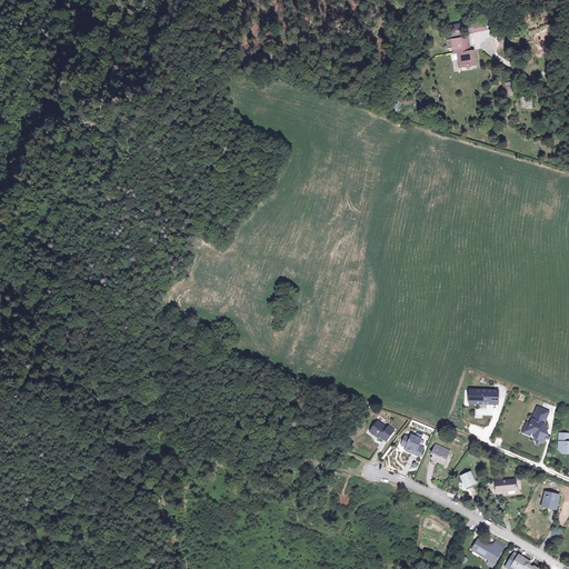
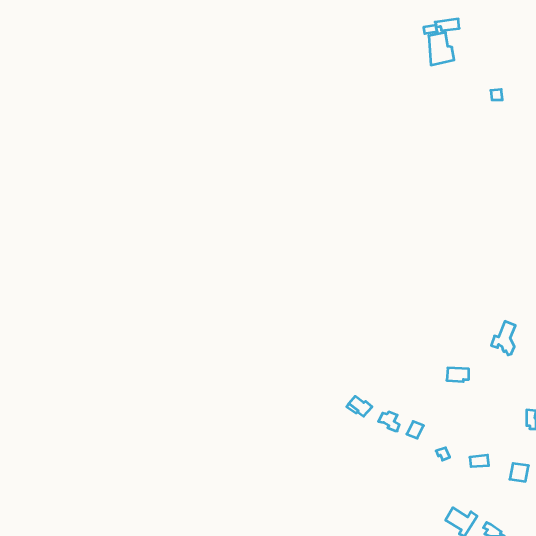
building: [521,406,547,441] -> [491,321,515,355]

